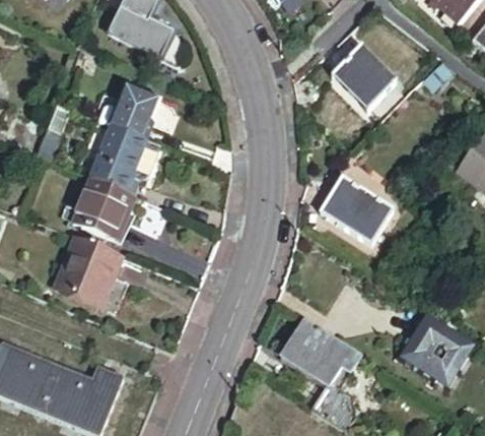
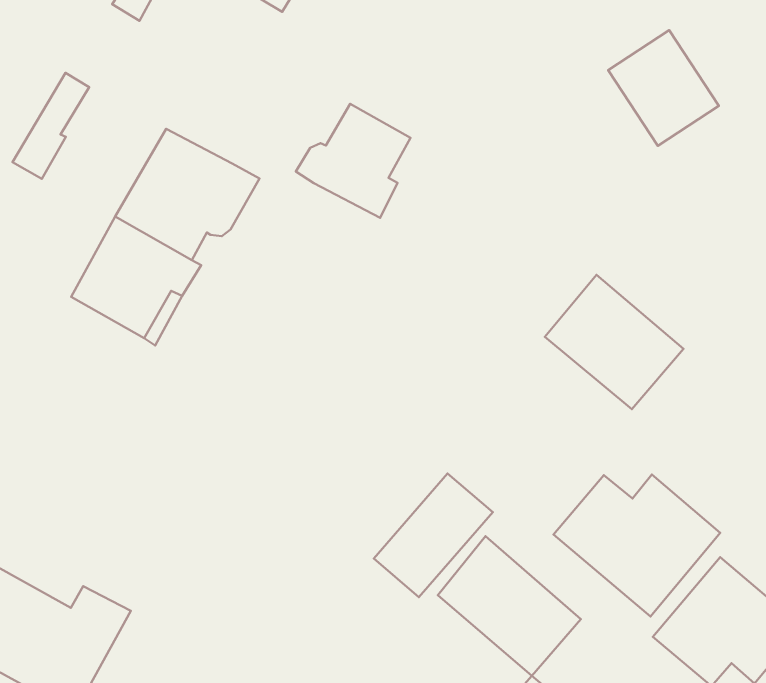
building: [101,80,159,138] -> [296,104,410,218]
building: [54,233,121,301] -> none
building: none -> [554,475,720,616]
building: none -> [374,473,493,597]

